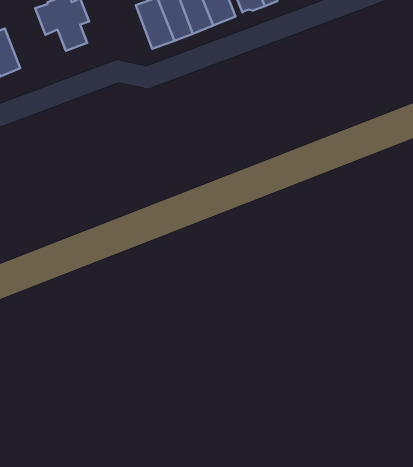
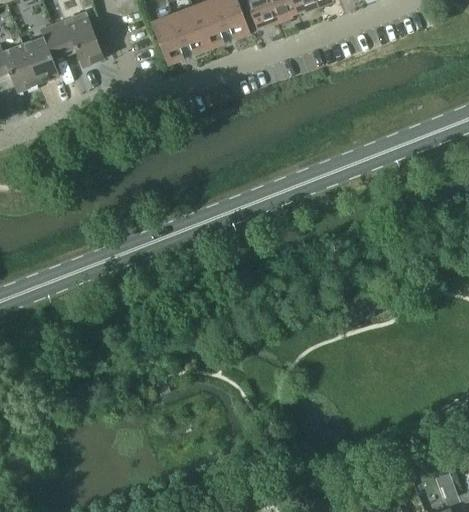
building: none -> [23,24,63,83]

